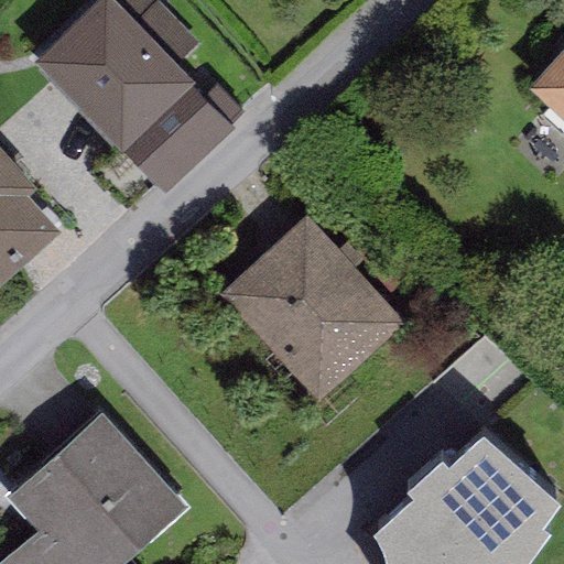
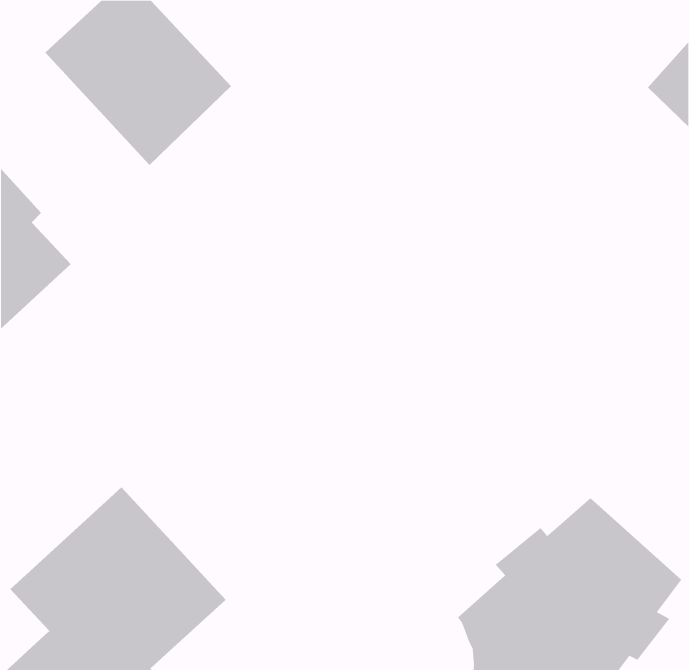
building: [122,86,232,196] -> none
building: [223,215,415,411] -> none

